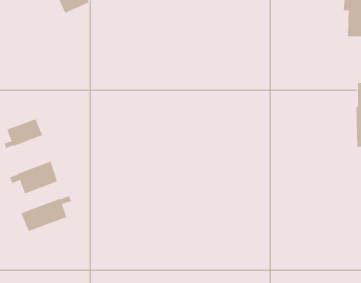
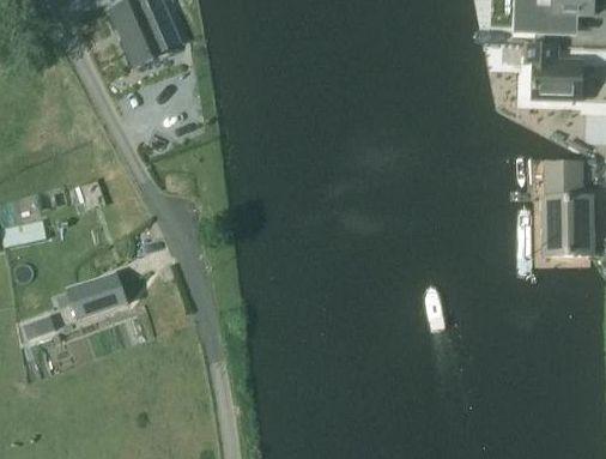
building: [4,119,43,149] -> none
building: [20,195,72,232] -> none

